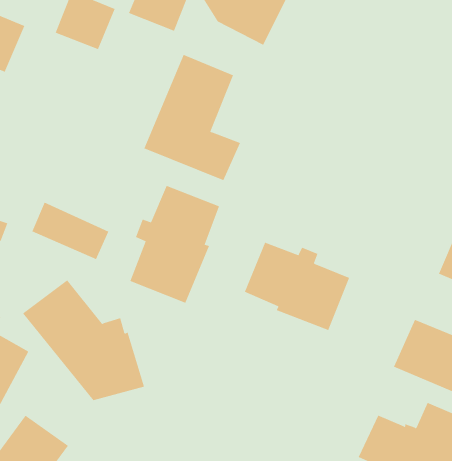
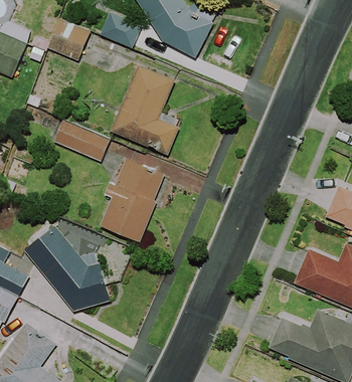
building: [31,202,109,260] -> [57,118,113,159]
building: [244,242,350,331] -> none

